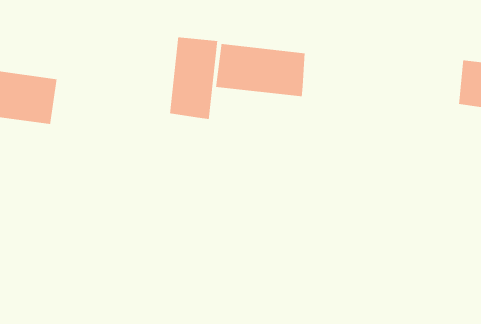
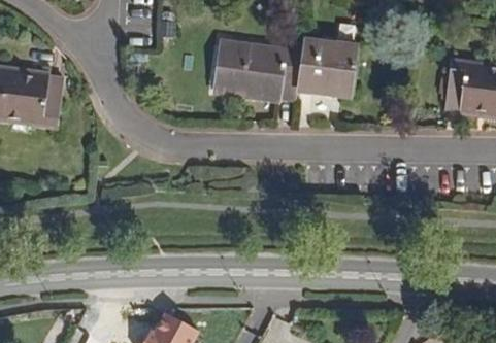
building: [169,36,218,120] -> none
building: none -> [295,41,354,90]

